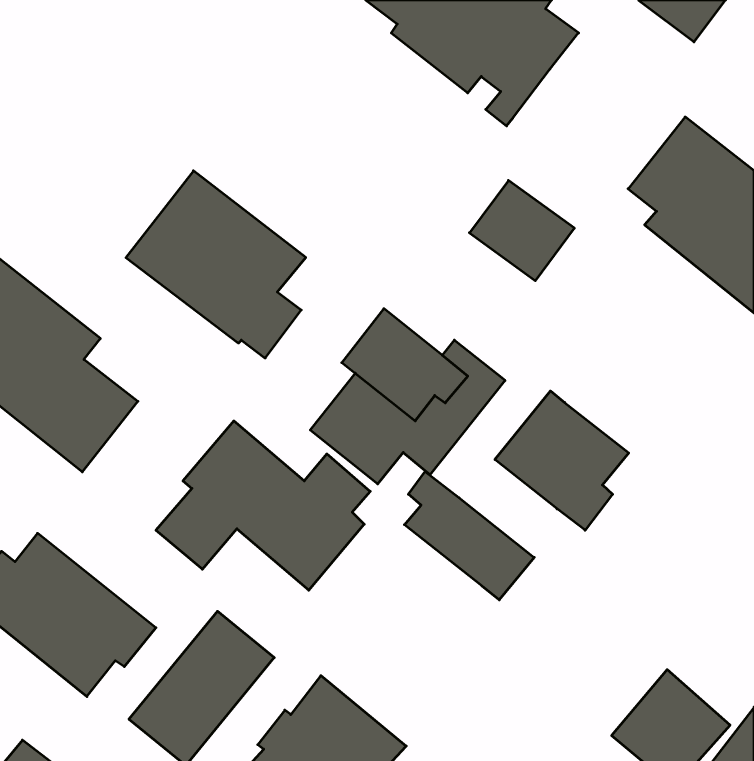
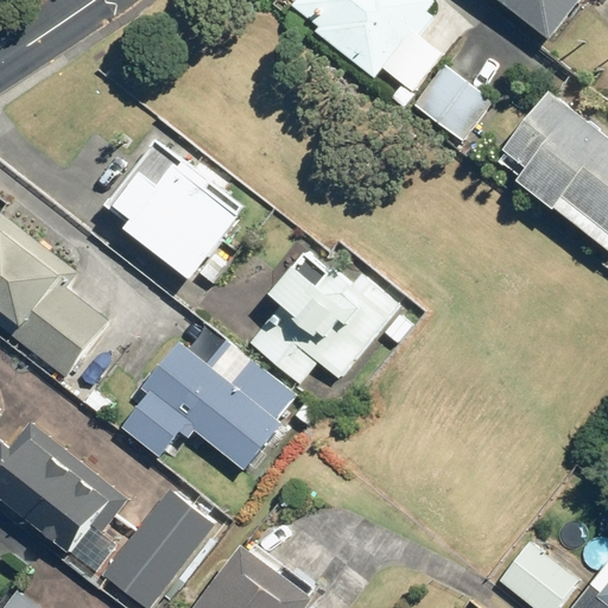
building: [469,180,574,281] -> [413,57,496,137]
building: [495,391,629,530] -> none
building: [404,471,534,600] -> none

